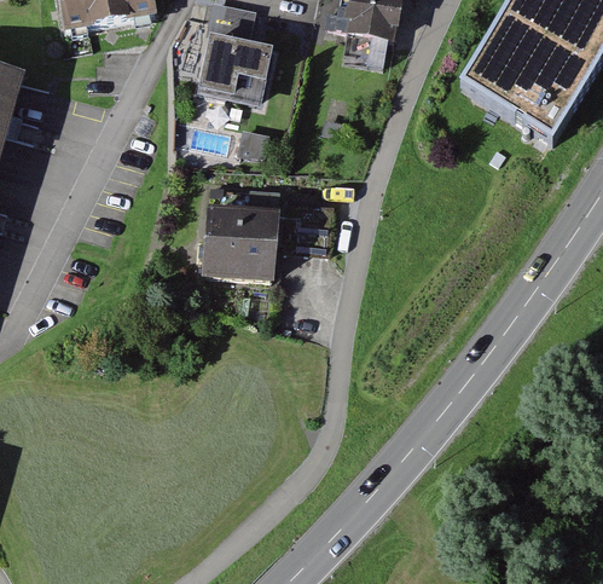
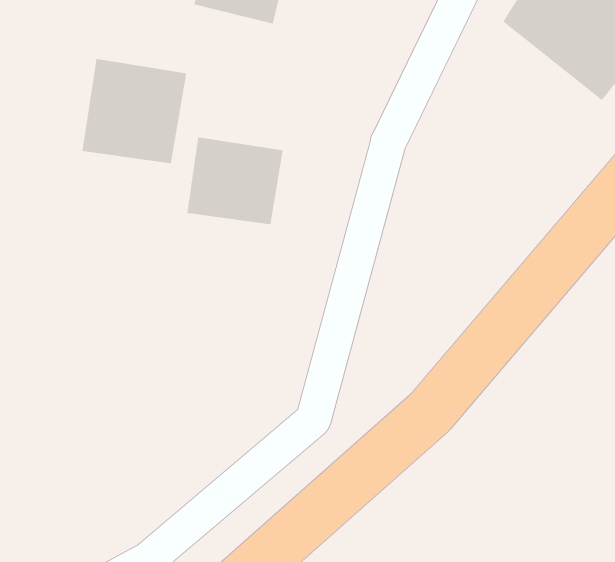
building: none -> [82,58,187,164]

